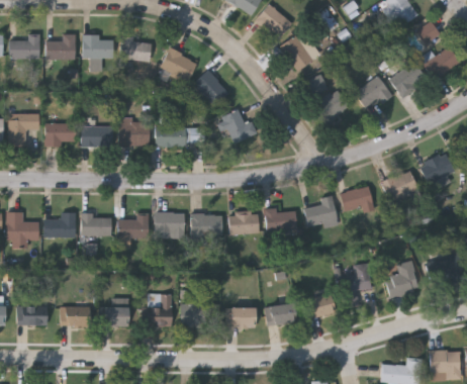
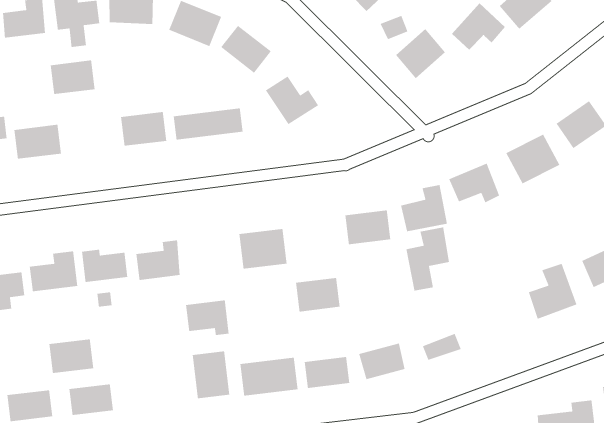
building: [81,125,110,147] -> [50,60,95,95]
building: [155,213,183,237] -> [185,300,230,336]
building: [228,213,258,234] -> [295,277,341,312]
building: [342,265,371,307] -> [406,227,450,292]
building: [98,306,127,327] -> [49,339,94,374]

